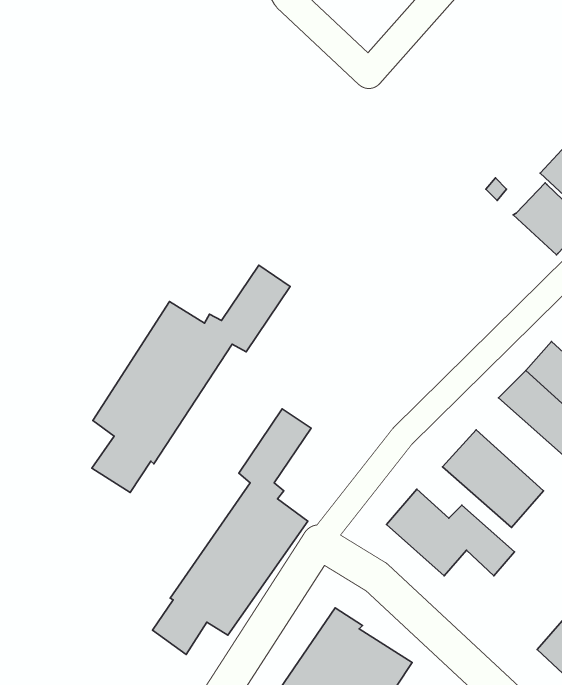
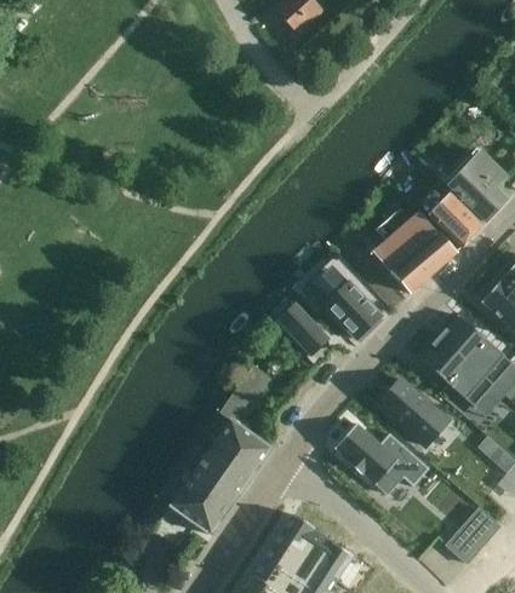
building: none -> [372,209,457,292]
building: [92,265,290,492] -> none
building: none -> [309,264,385,342]
building: none -> [280,305,330,352]

